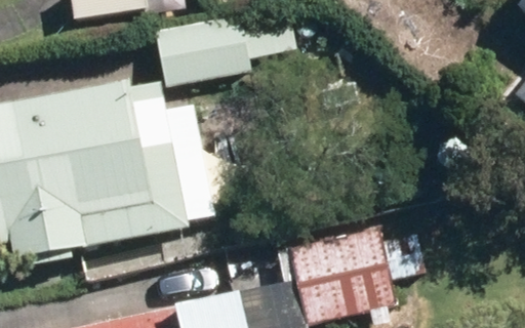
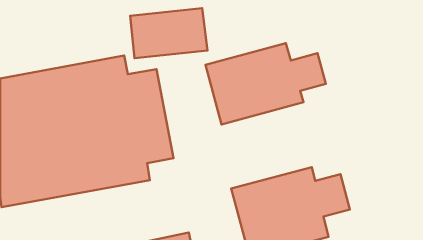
building: none -> [206,43,326,125]

